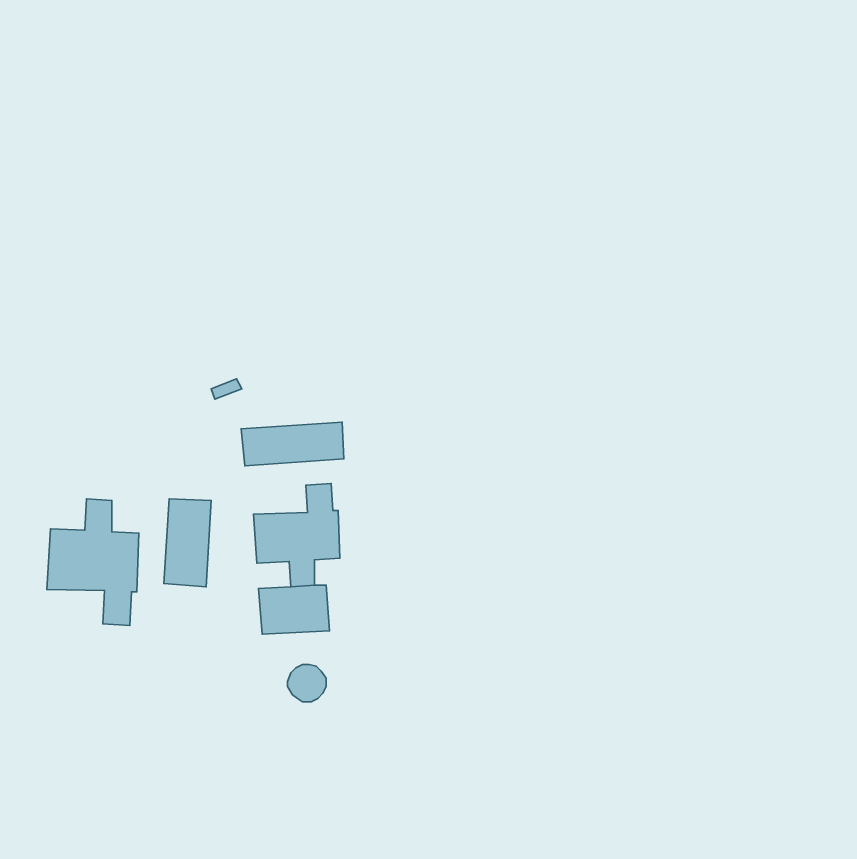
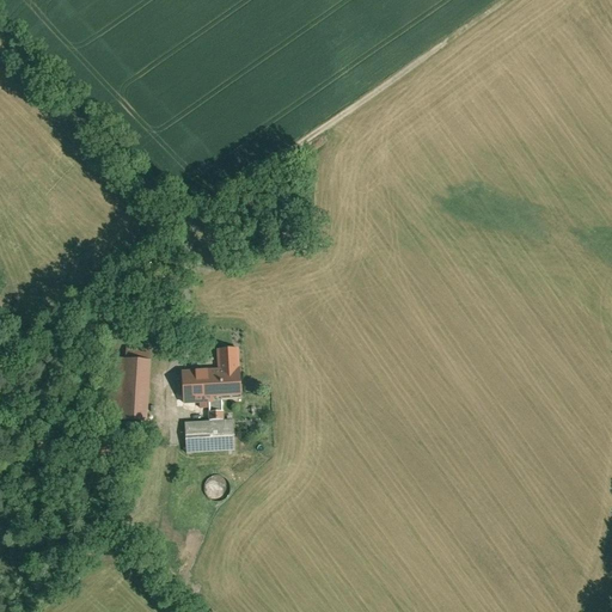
building: [241,422,344,466] -> none
building: [47,499,139,625] -> none

